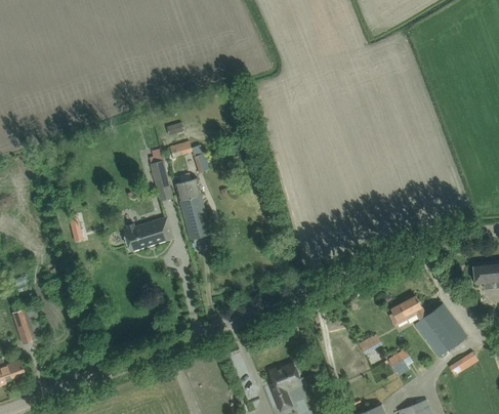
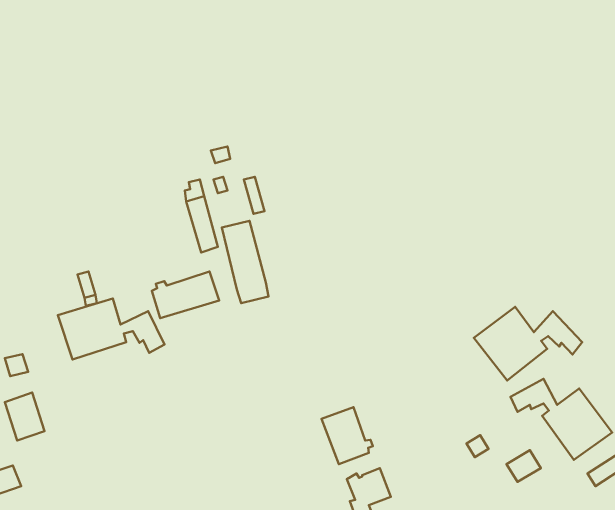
building: none -> [58,299,164,359]
building: none -> [474,307,582,381]
building: none -> [321,407,373,464]

